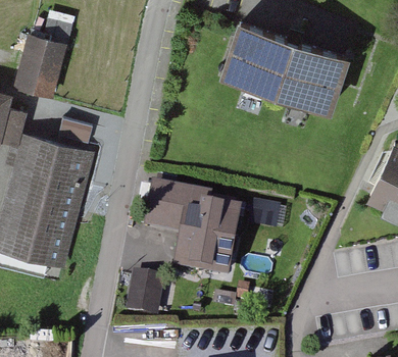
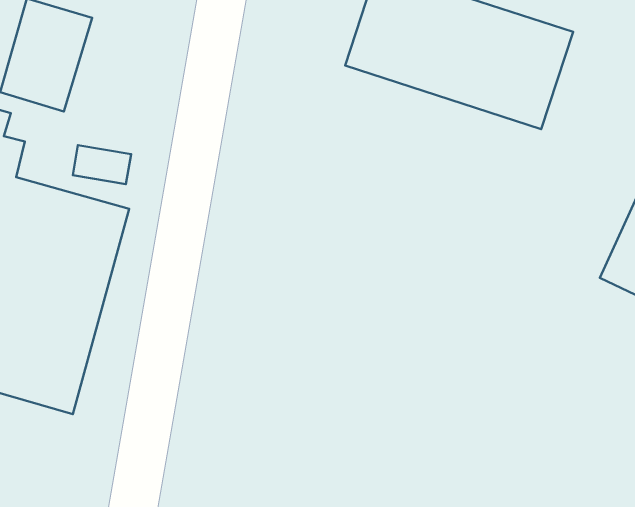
building: [156,187,247,280] -> none
building: [127,272,170,318] -> none

